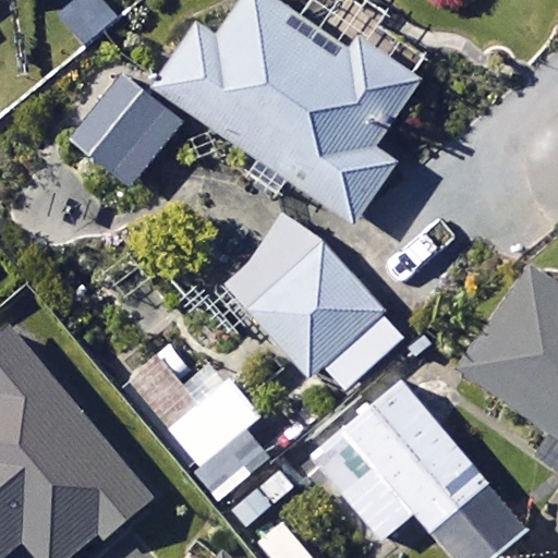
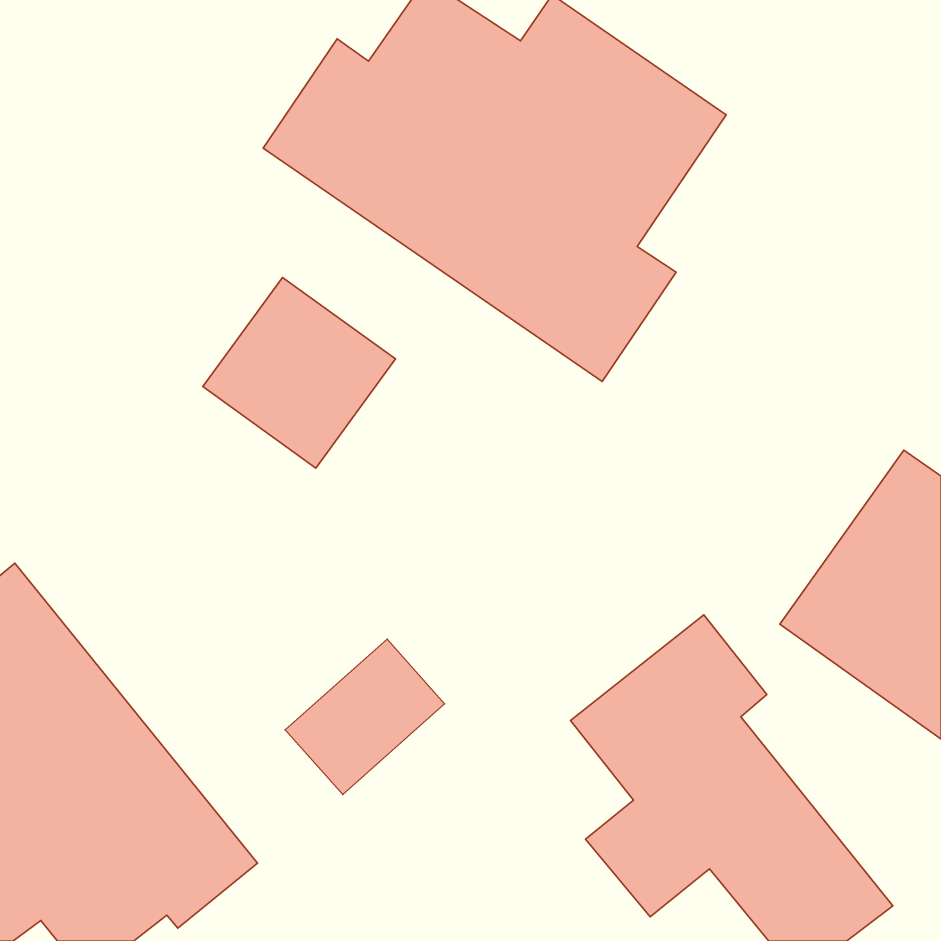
building: [66,73,180,185] -> [203,277,395,468]
building: [225,217,405,392] -> none

